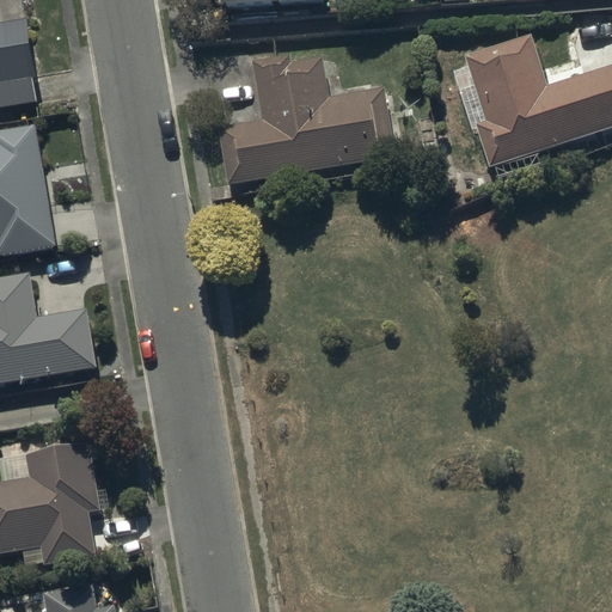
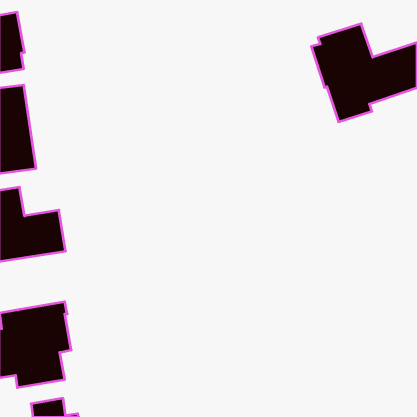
building: [221,55,396,184] -> none

